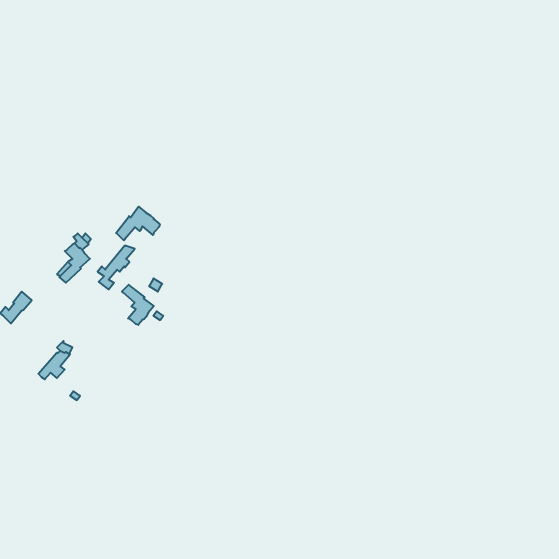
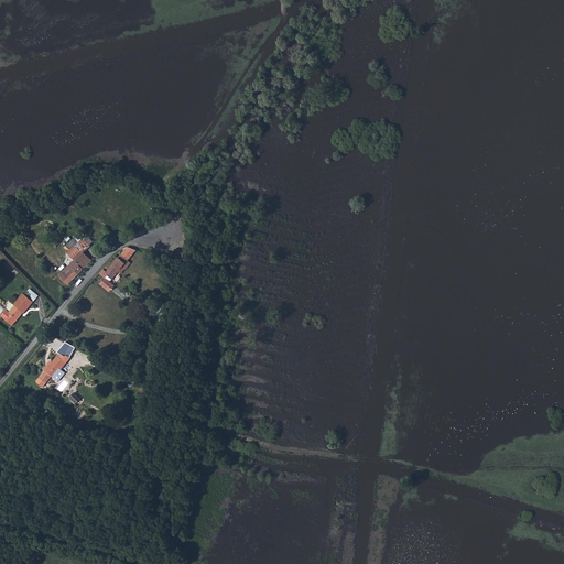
building: [116,207,160,240] -> none
building: [122,285,154,325] -> none

